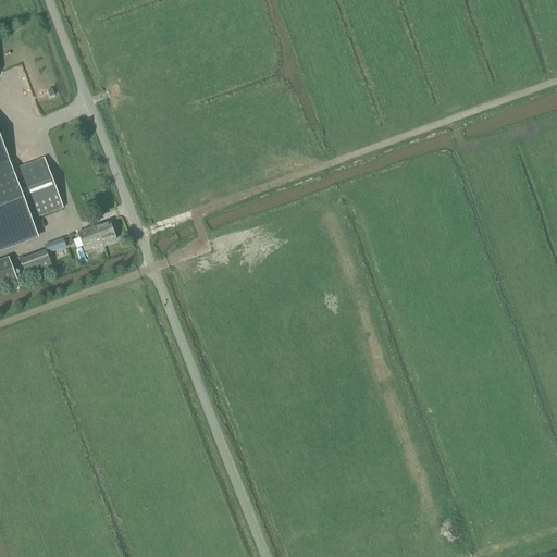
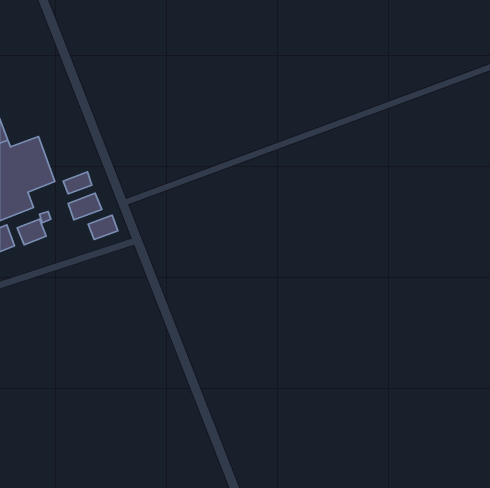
building: none -> [63,172,92,194]
building: none -> [88,215,118,239]

